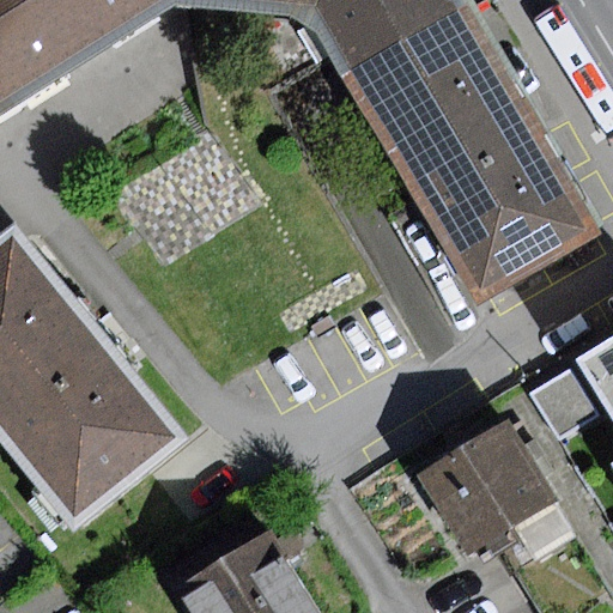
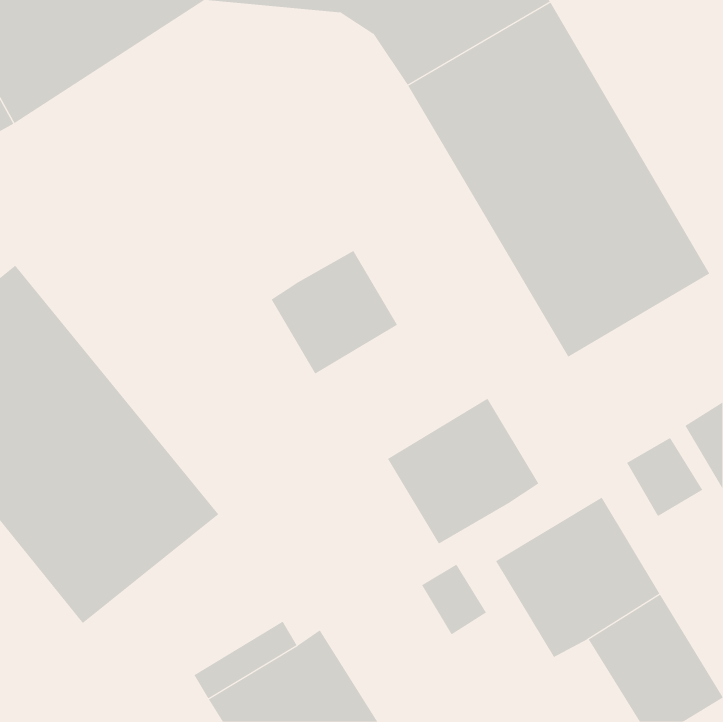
building: none -> [271,250,398,374]
building: none -> [387,398,539,545]

